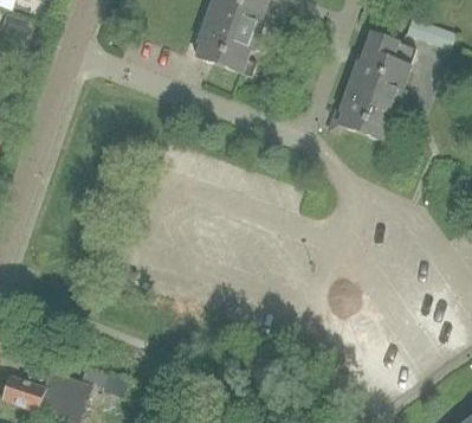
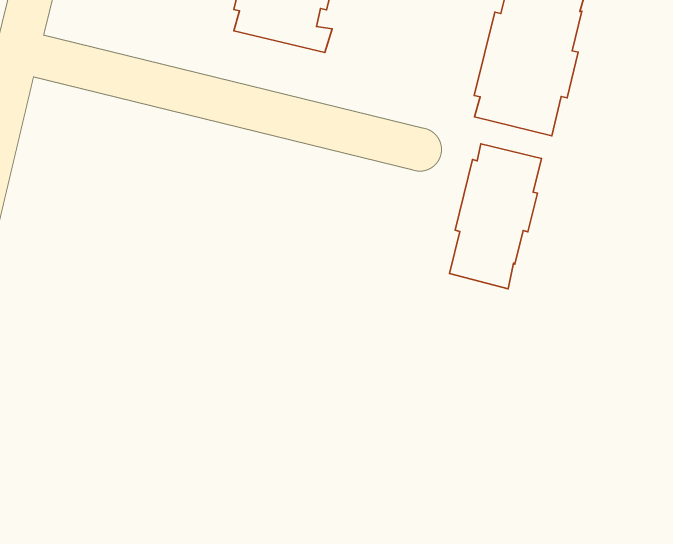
building: none -> [450,144,542,289]

